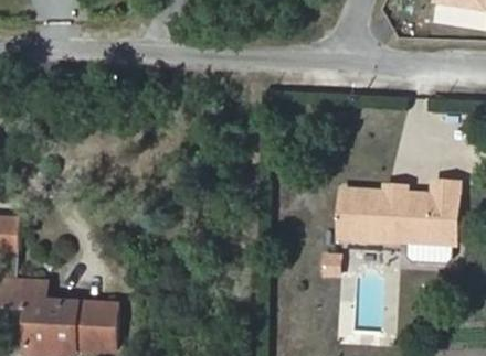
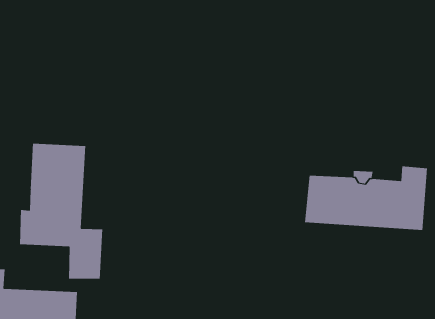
building: none -> [20,143,103,280]

